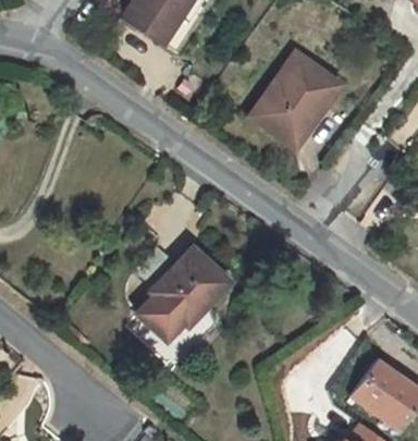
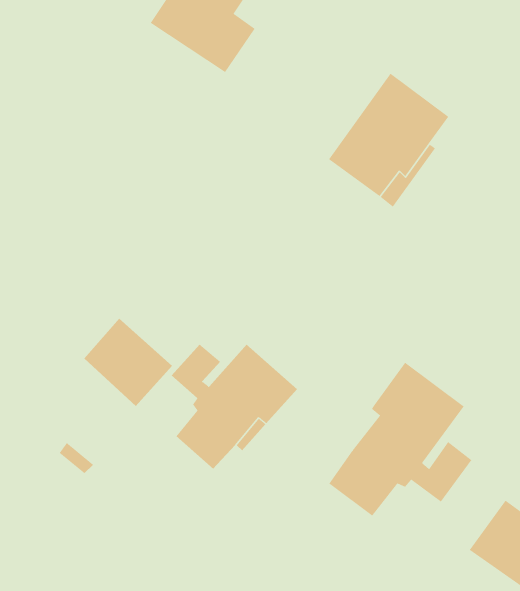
building: none -> [84,318,173,407]
building: none -> [329,362,472,517]

